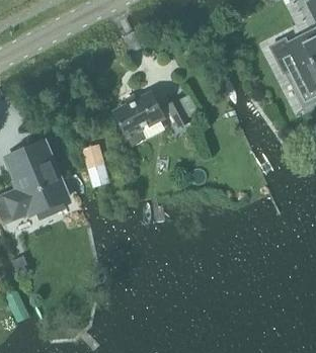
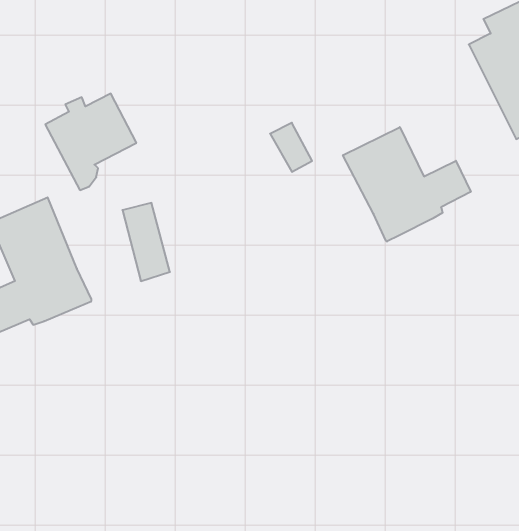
building: [113,92,164,146] -> [45,94,136,190]
building: none -> [343,127,471,242]

